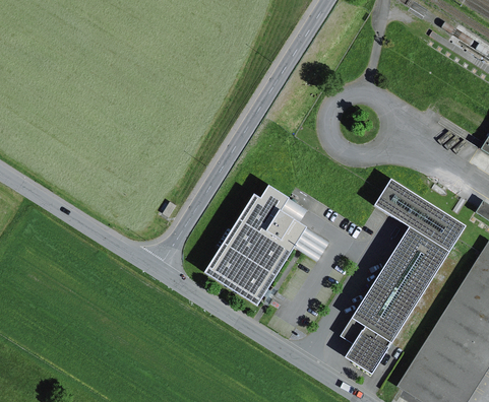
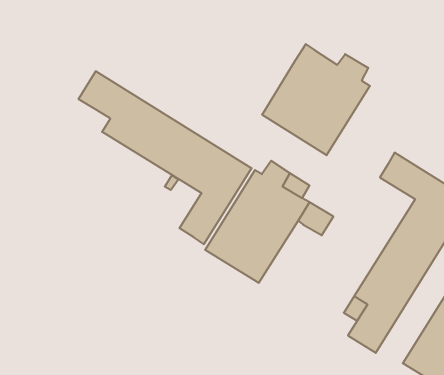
building: none -> [262,44,370,155]
building: none -> [79,71,252,244]

